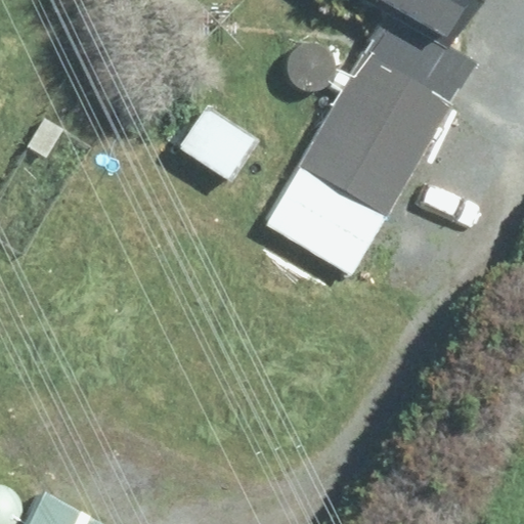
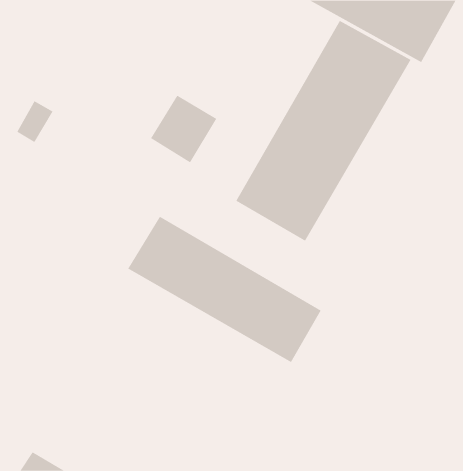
building: none -> [127,216,322,363]

